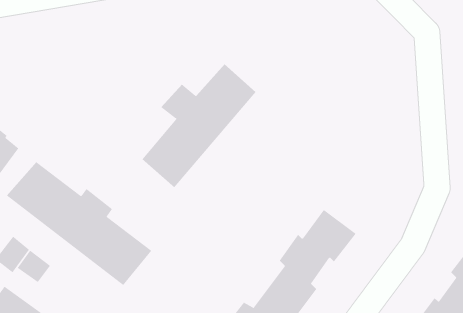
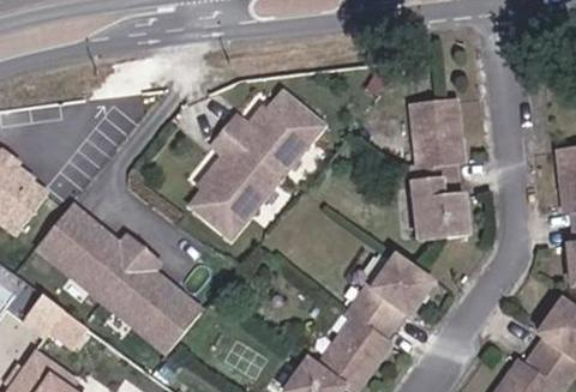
building: none -> [409,109,468,245]

